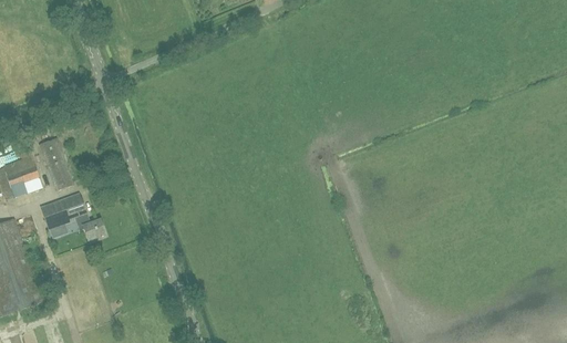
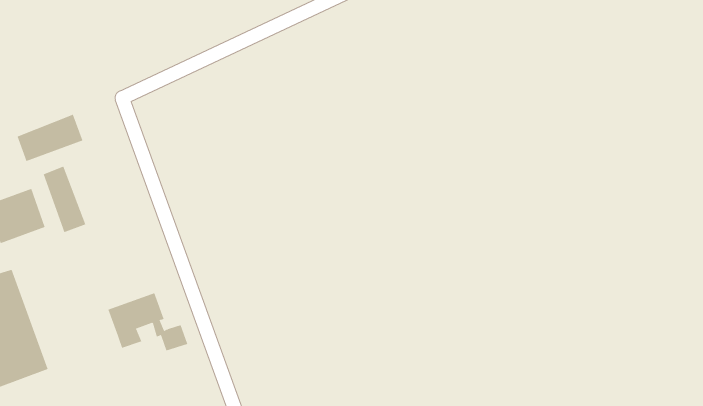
building: none -> [17,114,83,162]
building: [39,194,103,240] -> [107,293,188,351]

